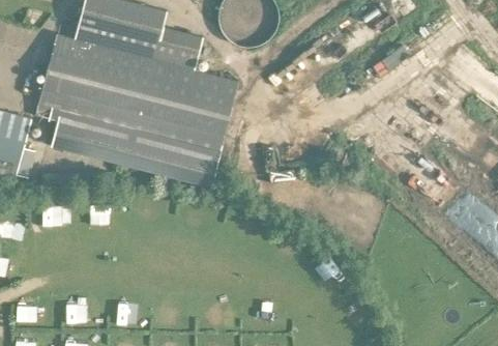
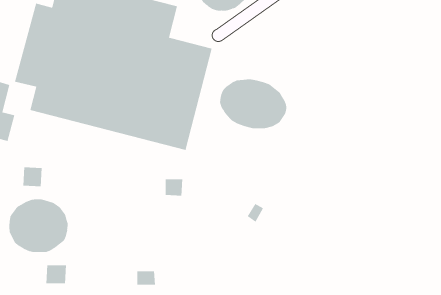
building: none -> [220,79,287,129]
building: none -> [9,199,68,253]

